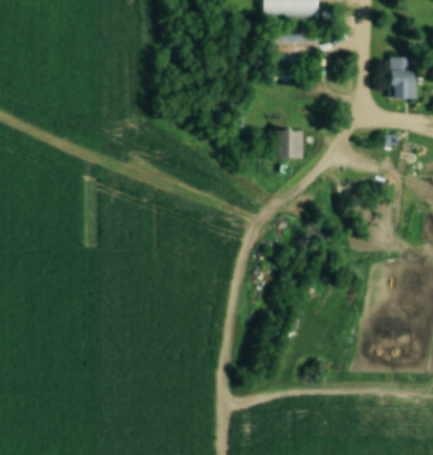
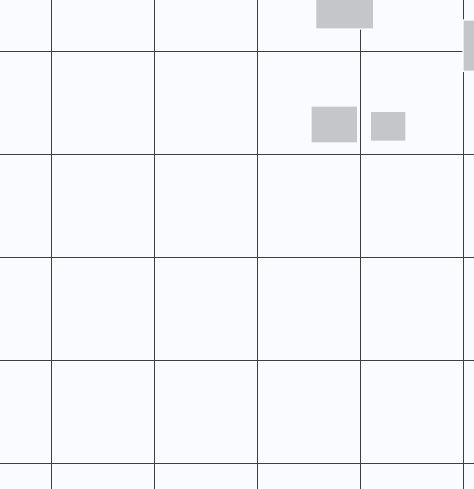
building: none -> [370,111,406,142]

